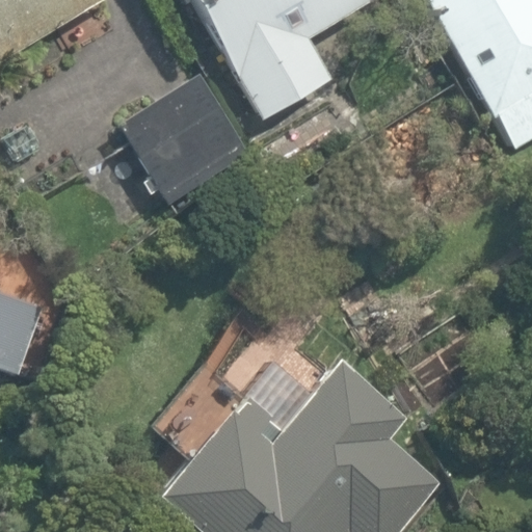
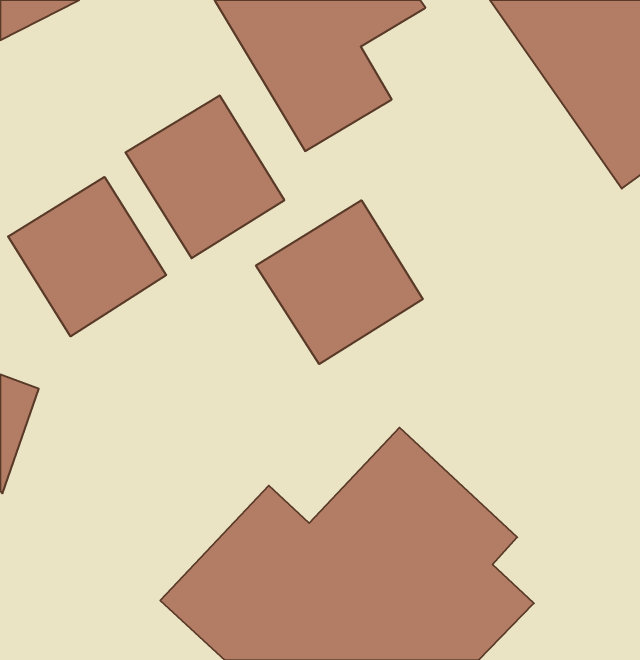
building: none -> [8,177,166,336]
building: none -> [256,200,423,364]

